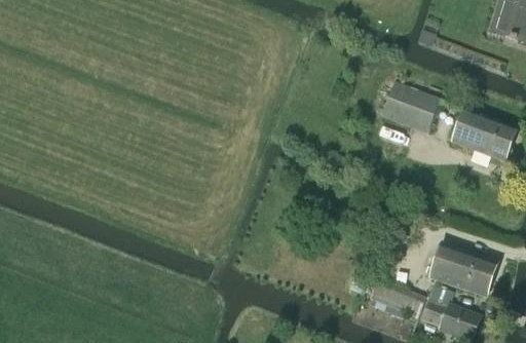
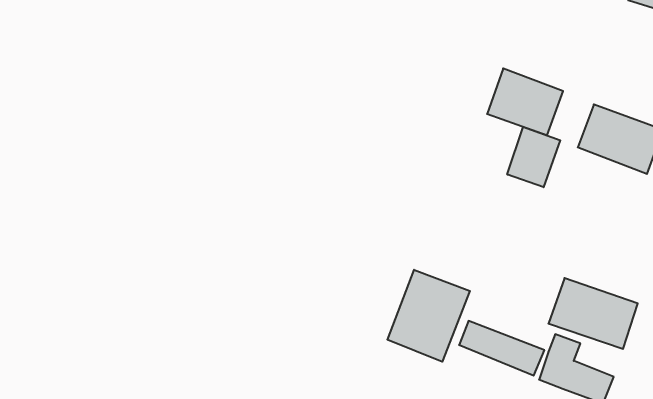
building: none -> [507,127,560,187]
building: none -> [387,270,470,362]

